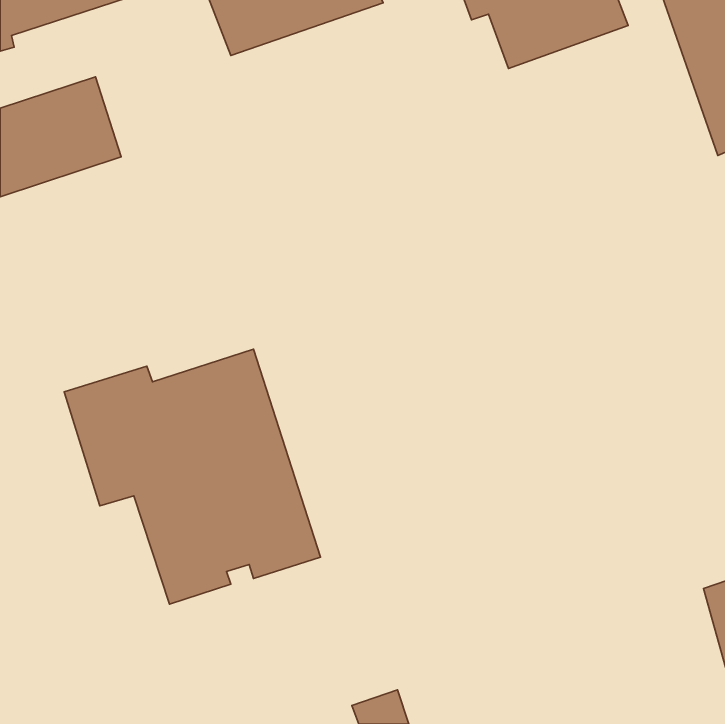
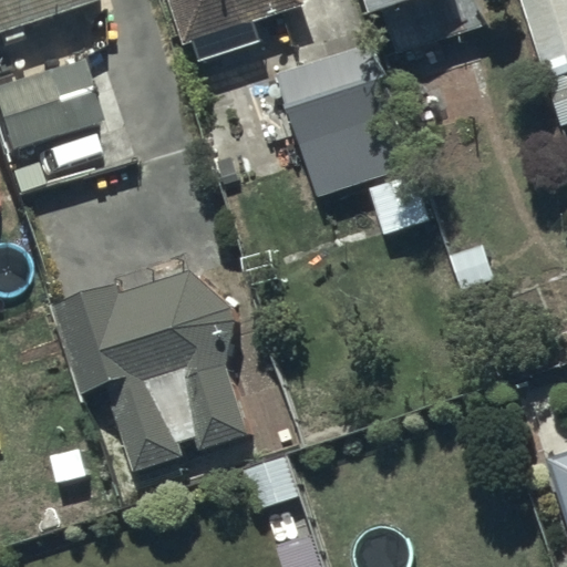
building: none -> [275,56,411,197]

